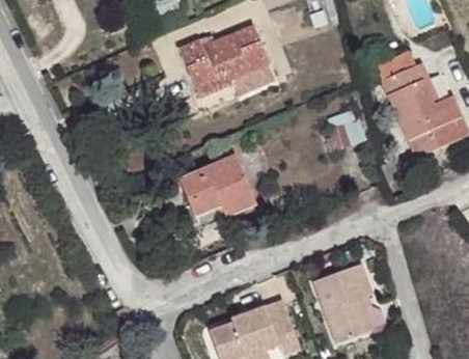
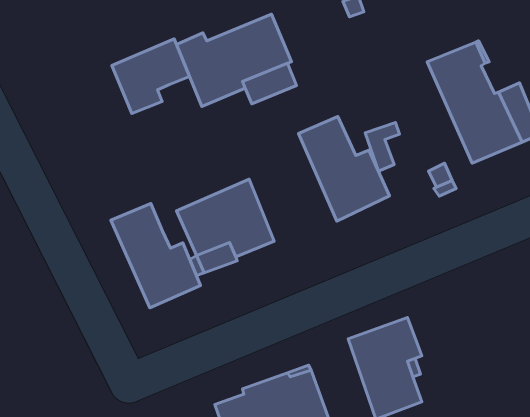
building: none -> [112,39,189,114]
building: none -> [298,117,390,221]
building: none -> [111,203,201,308]

